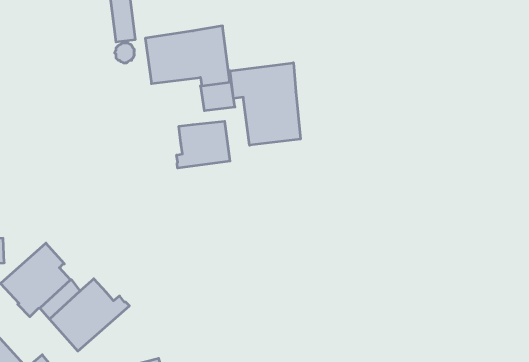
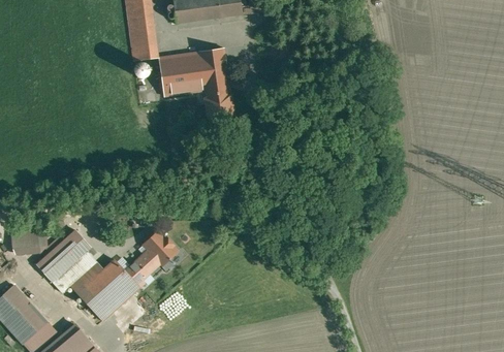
building: [230,63,300,145] -> none
building: [177,121,230,168] -> none
building: none -> [125,231,177,280]

